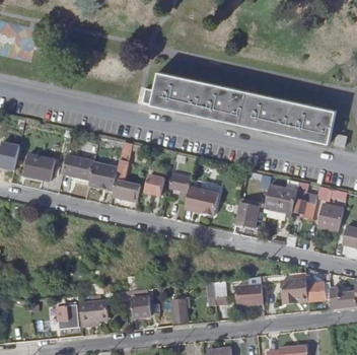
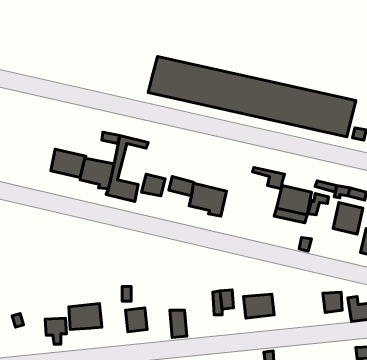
building: [22,155,54,182] -> none
building: [231,201,256,228] -> none
building: [280,282,307,300] -> none

